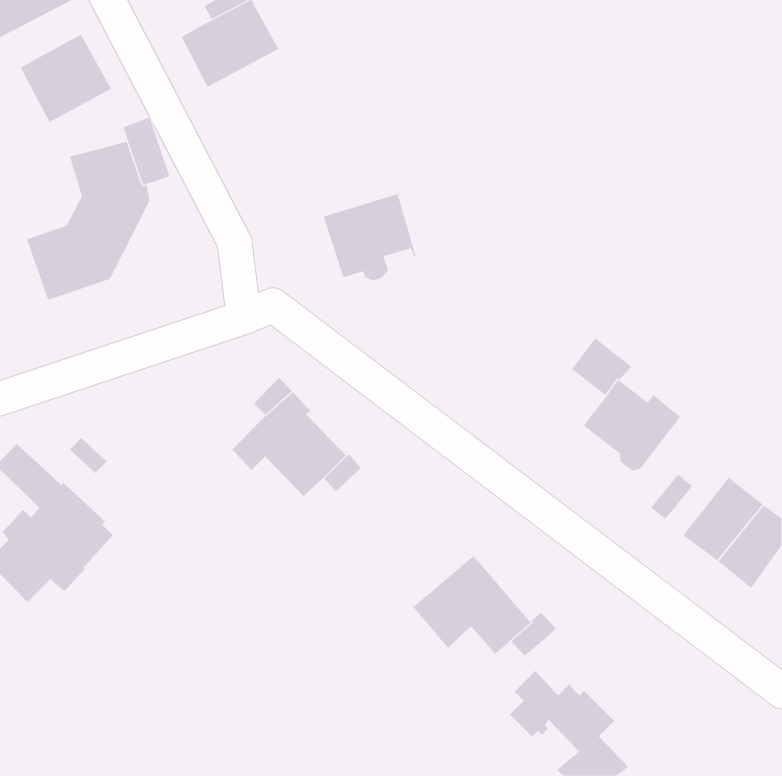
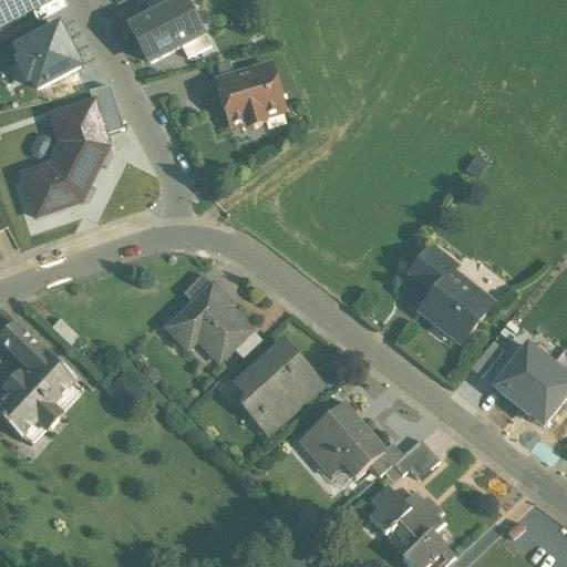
building: [323,193,416,281] -> [216,63,284,126]
building: none -> [235,340,321,430]
building: none -> [392,439,439,477]

